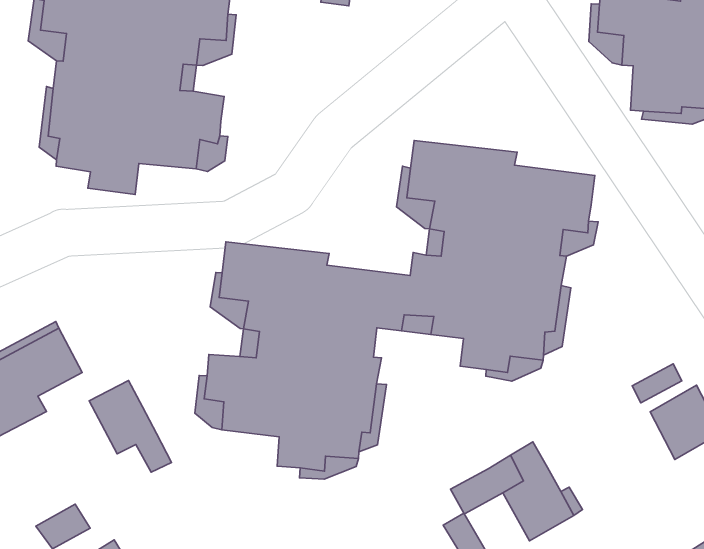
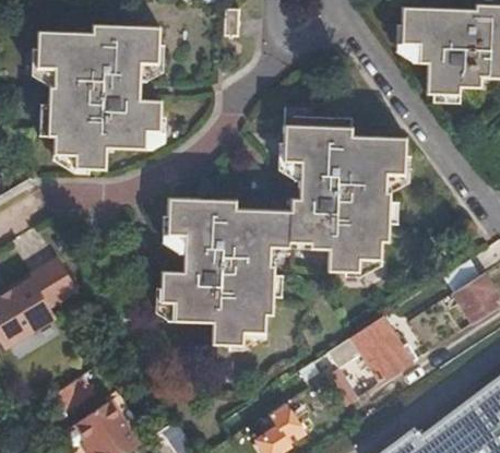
building: [89,380,172,472] -> none

